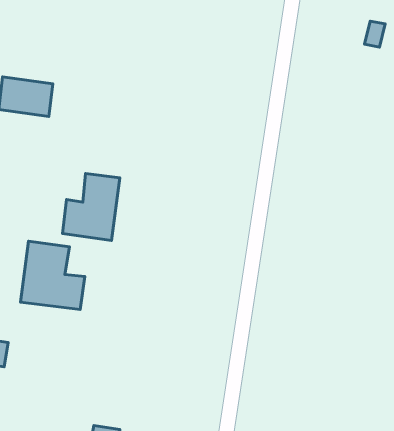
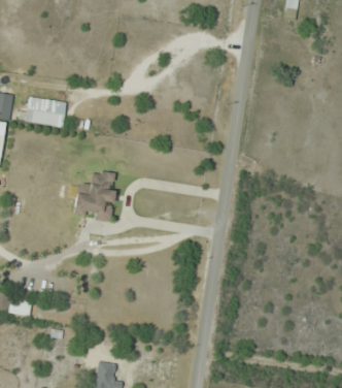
building: [20,241,85,309] -> none

